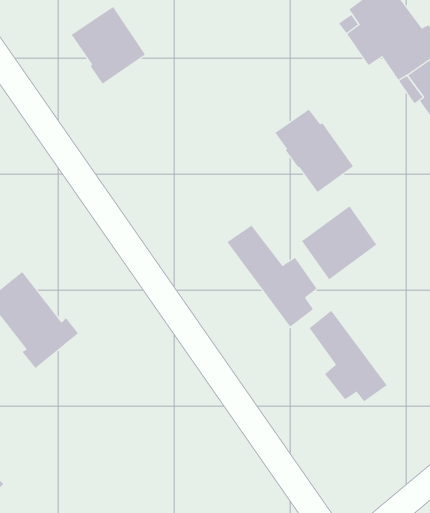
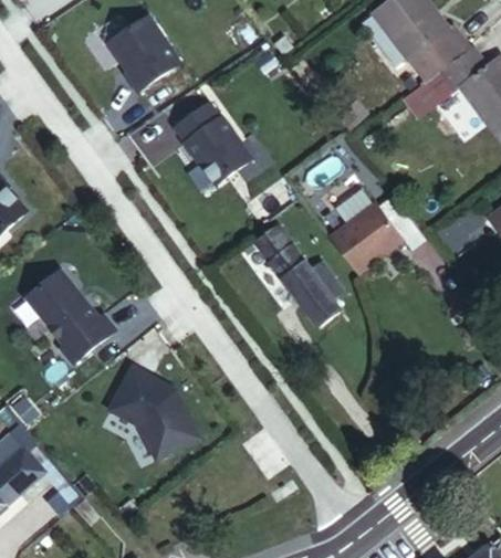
building: [274,109,354,193] -> [176,103,252,183]
building: [309,310,387,402] -> none
building: none -> [111,366,201,457]

